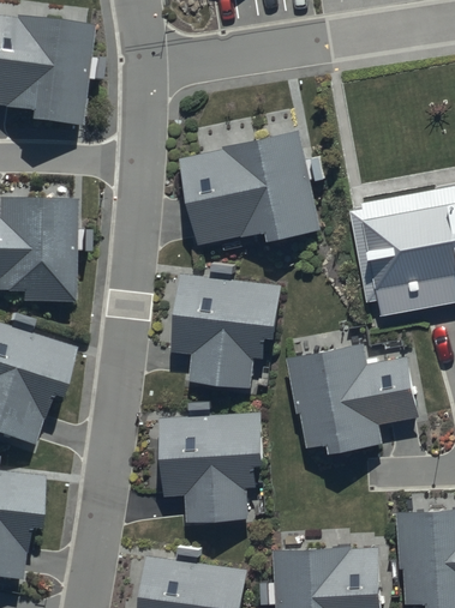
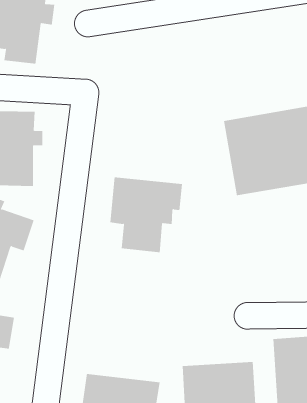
building: [181,132,318,246] -> none
building: [292,342,417,456] -> none
building: [160,419,261,524] -> none

